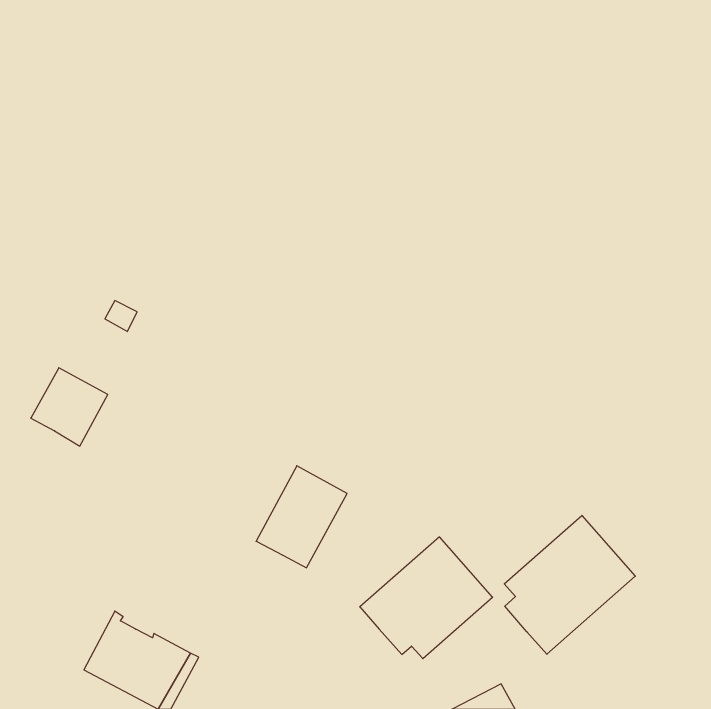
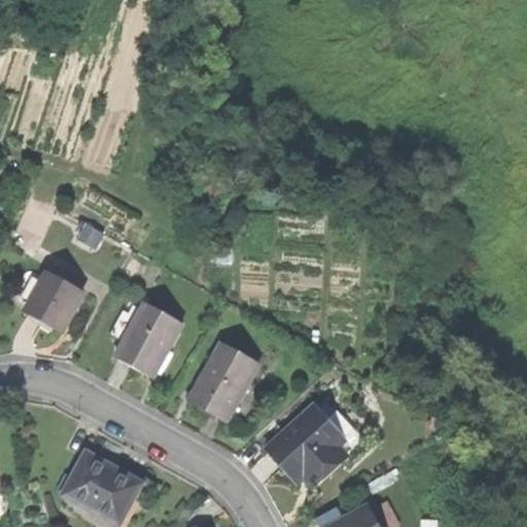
building: none -> [114,302,180,376]
building: [504,515,635,654] -> none

